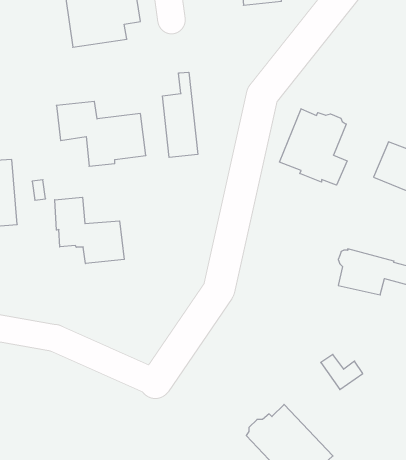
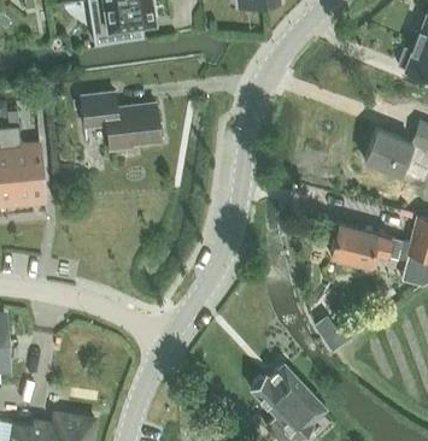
building: [163,72,198,157] -> none
building: [279,109,347,185] -> none
building: [55,197,124,264] -> none

